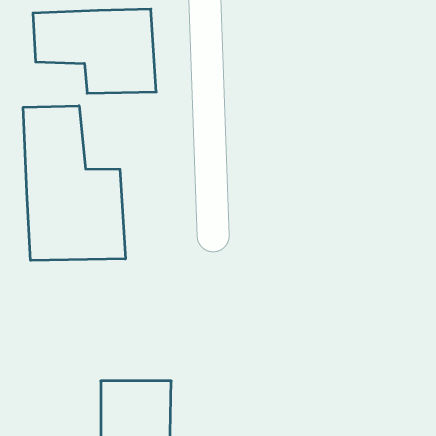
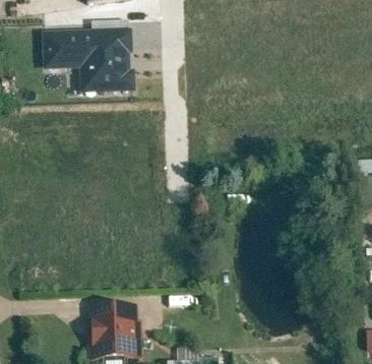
building: [23,106,125,260] -> none

